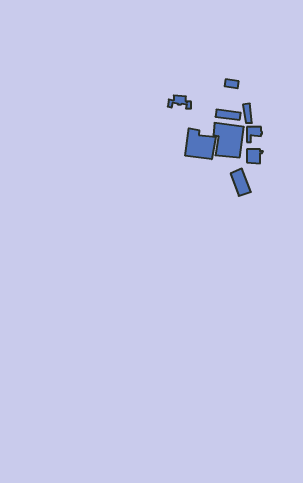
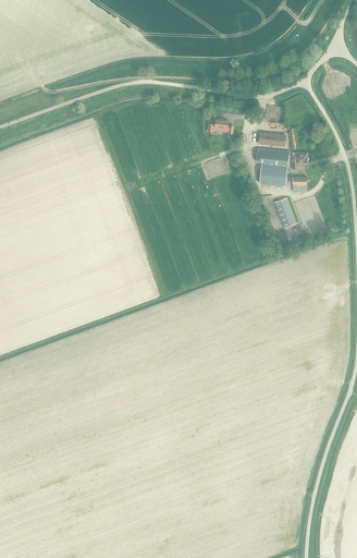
building: [185,128,216,159] -> none

